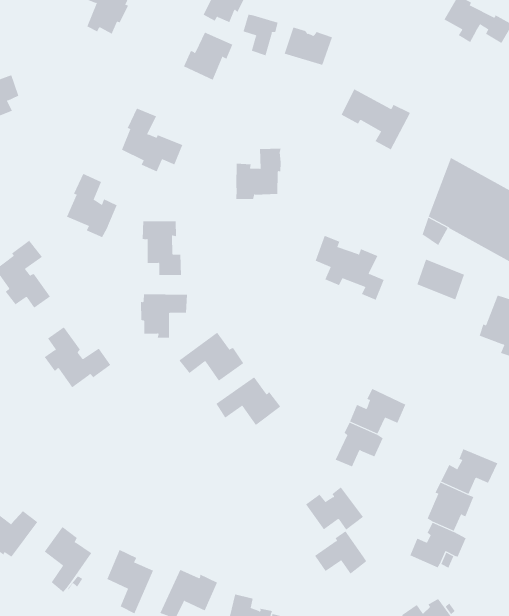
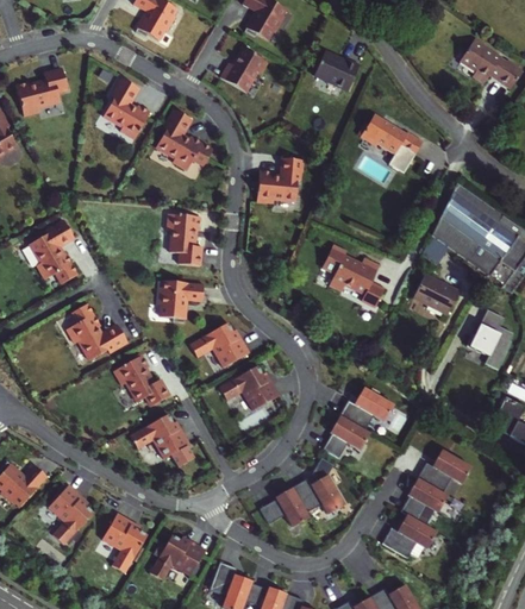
building: [243,14,278,56] -> none
building: [66,173,117,238] -> [102,80,150,140]
building: none -> [114,356,169,407]
building: none -> [130,414,189,459]
building: [314,531,367,574] -> [261,488,308,528]

